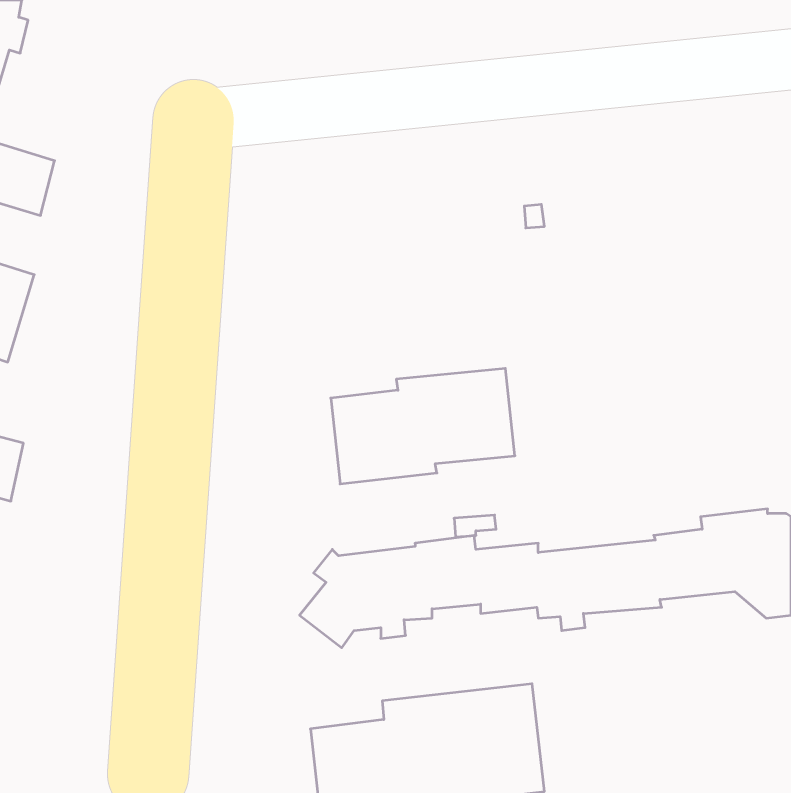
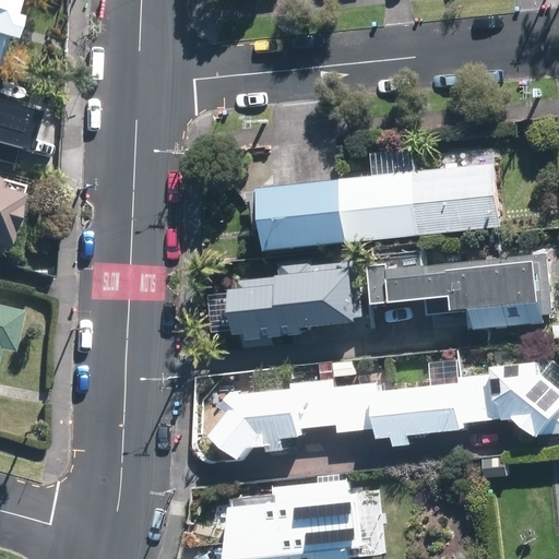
building: none -> [251,164,500,250]
building: none -> [365,259,543,332]

